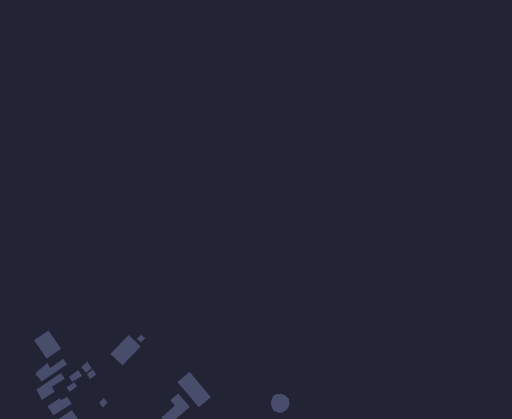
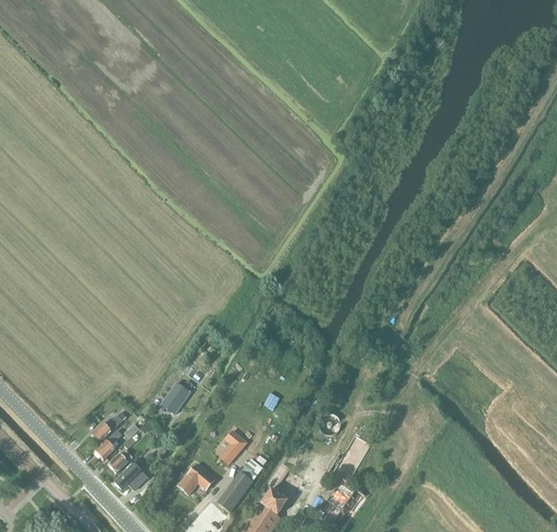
building: [33,330,62,360] -> none
building: [176,371,212,408] -> none

